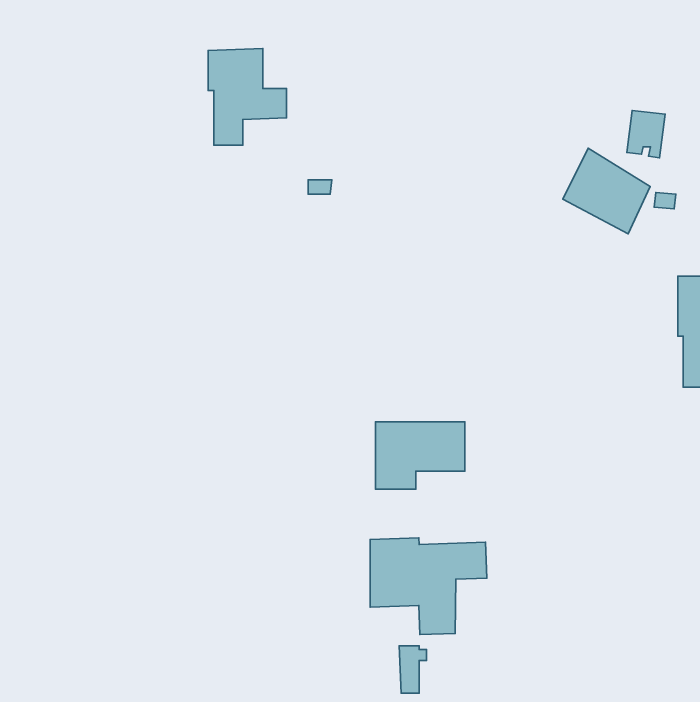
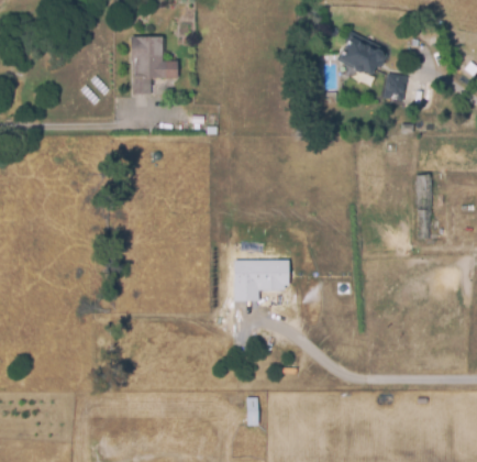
building: [563,148,650,234] -> [339,33,391,85]
building: [370,538,487,635] -> none

